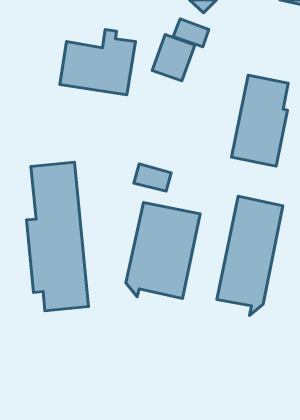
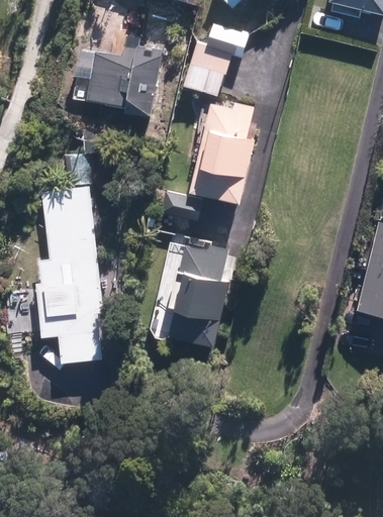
building: [232,75,288,166] -> [188,98,254,203]
building: [217,196,283,315] -> none

